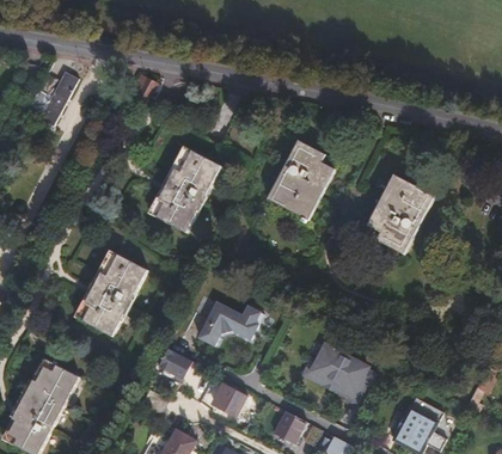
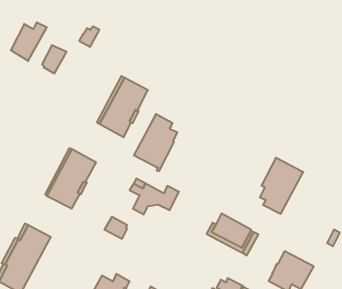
building: none -> [42,45,66,74]
building: [269,140,331,221] -> [134,114,177,171]
building: [368,174,430,254] -> [260,158,303,214]
building: [207,382,247,415] -> none
building: [276,411,307,444] -> none

